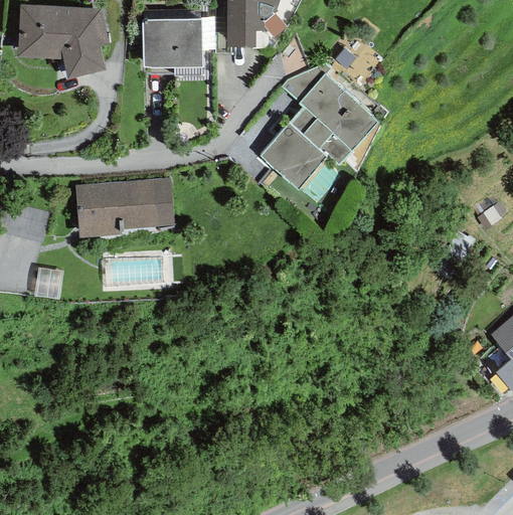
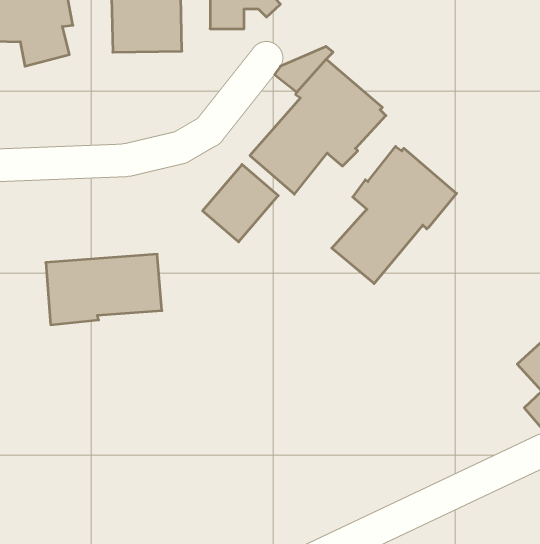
building: none -> [332,146,457,284]
building: none -> [203,164,278,242]
building: [75,177,175,237] -> [46,254,162,325]

